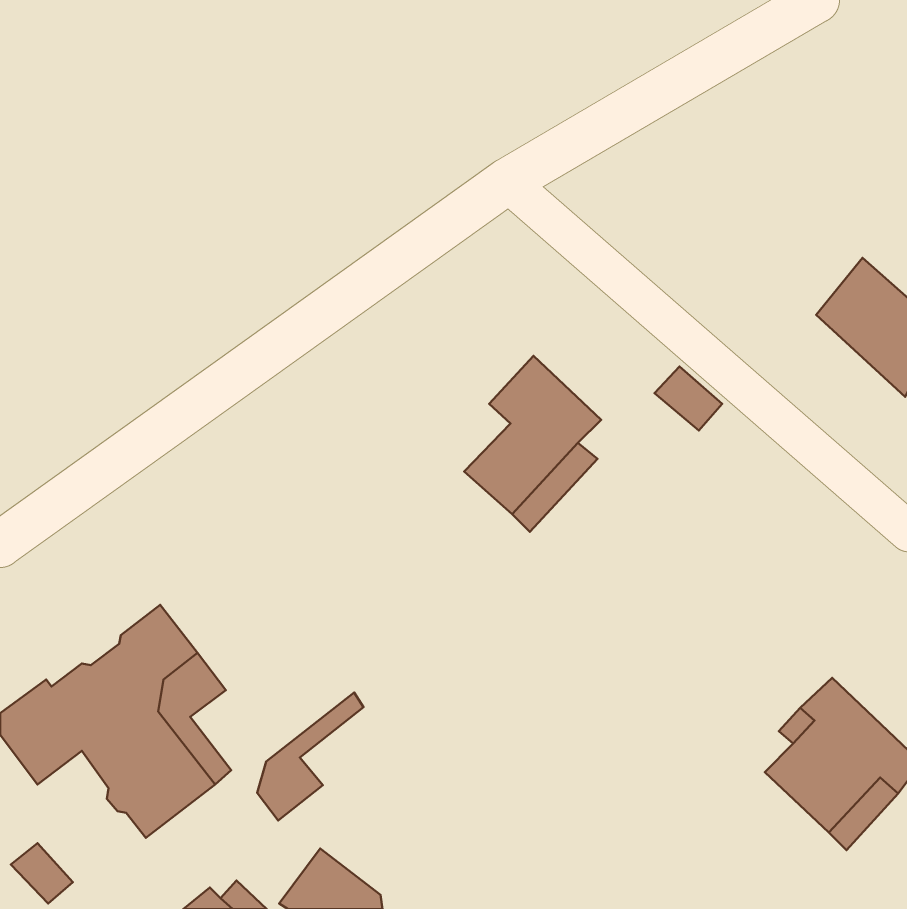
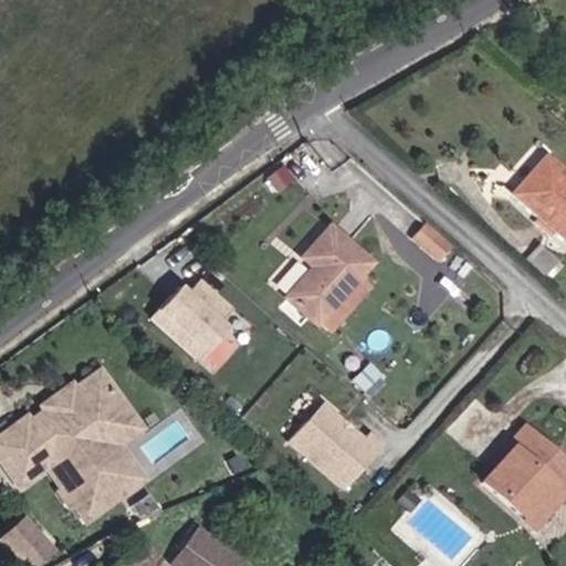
building: none -> [151,279,242,361]
building: none -> [293,401,381,488]
building: [257,693,364,821] -> none

